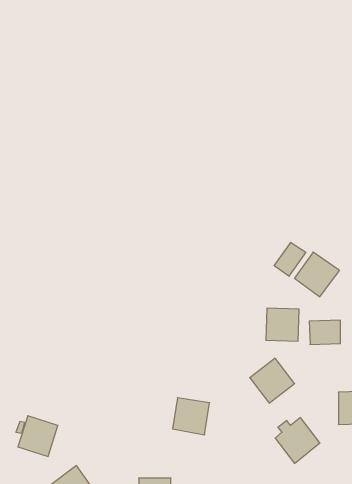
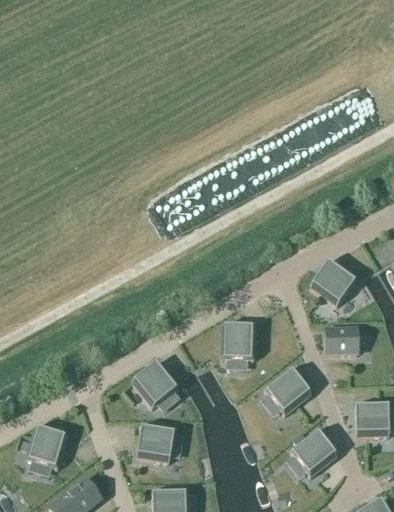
building: [274,242,306,276] -> none
building: [266,308,299,341] -> [221,325,255,359]
building: none -> [131,359,178,405]
building: [173,398,210,435] -> [137,424,175,462]

